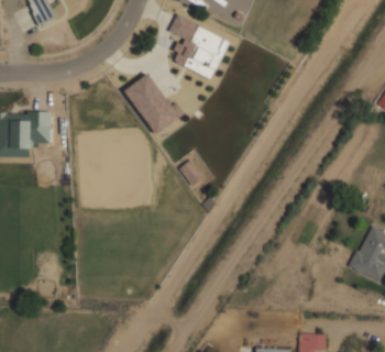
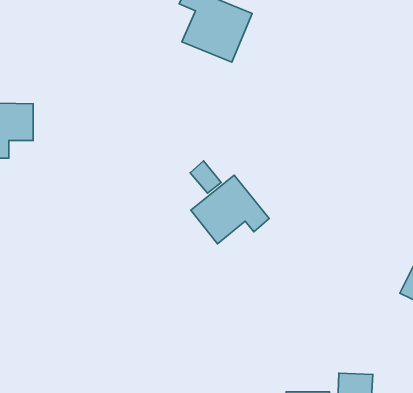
building: [123,73,184,134] -> none
building: none -> [191,175,269,244]

